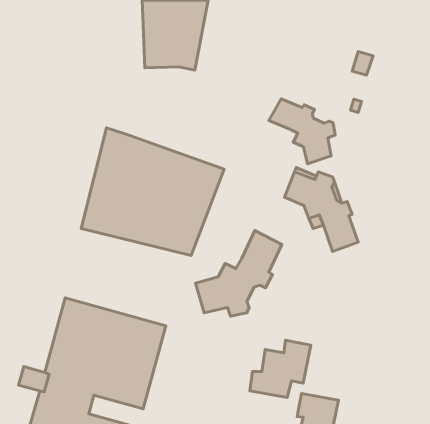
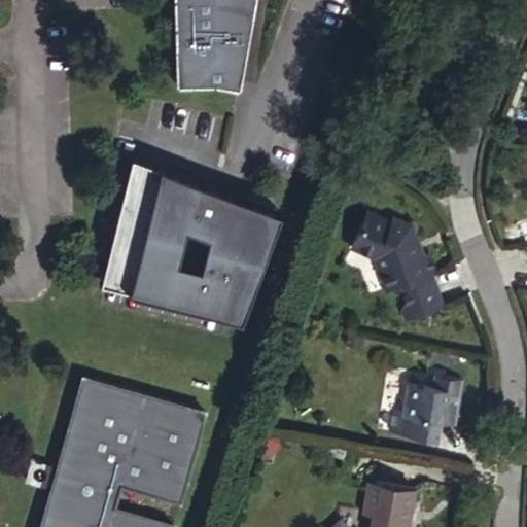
building: [269,99,335,164] -> none
building: [196,230,282,316] -> none
building: [250,340,311,398] -> [396,375,470,445]

